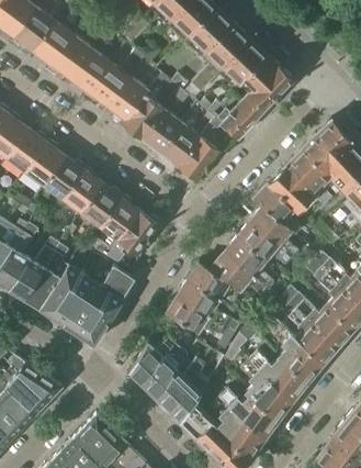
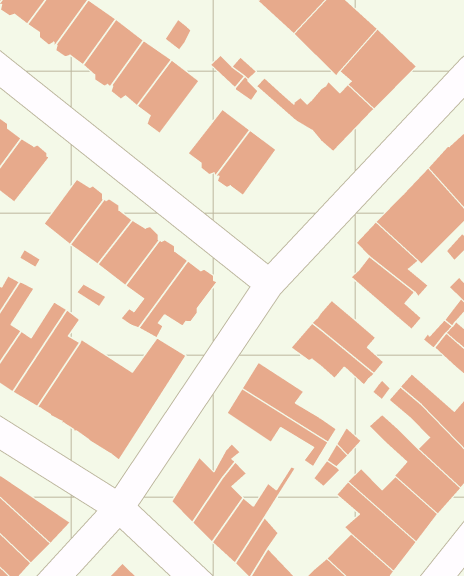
building: [122,90,163,138] -> none
building: [178,116,224,181] -> none
building: [24,142,66,186] -> none
building: [237,222,291,265] -> none
building: [188,263,239,309] -> none

